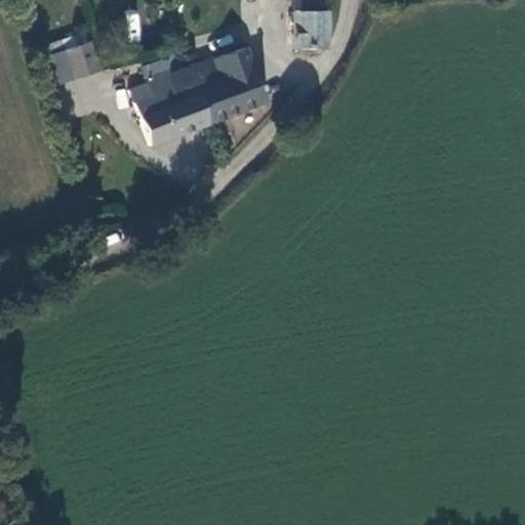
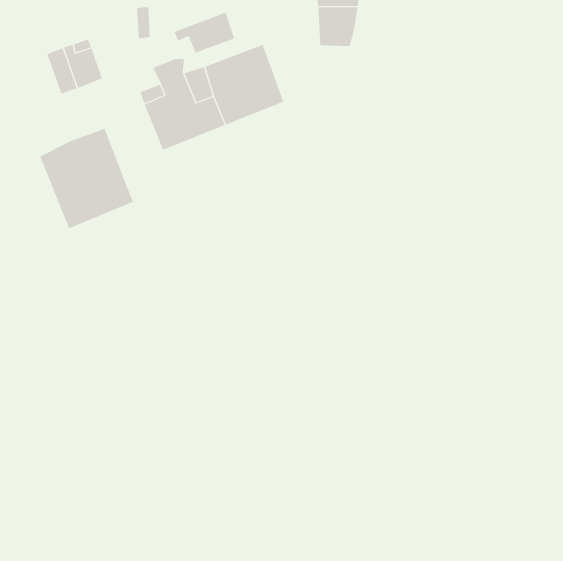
building: none -> [174,12,235,54]
building: none -> [39,128,134,229]

